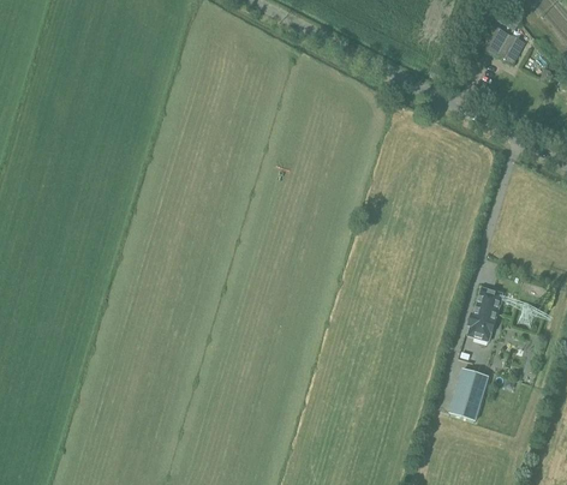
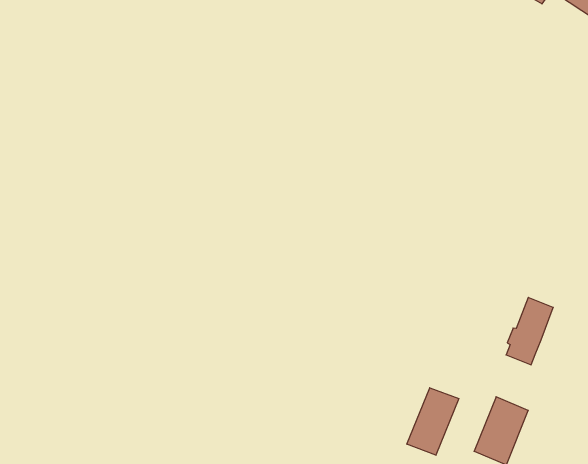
building: none -> [407,388,459,455]

